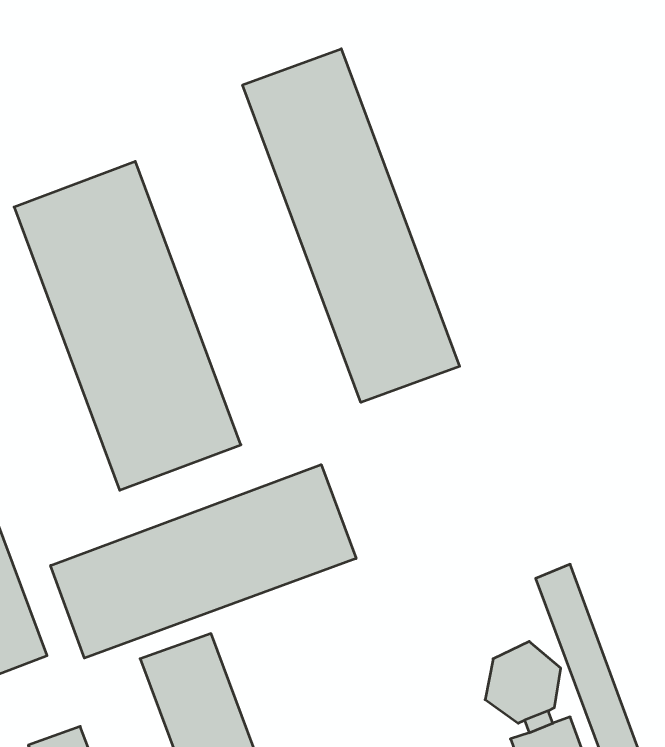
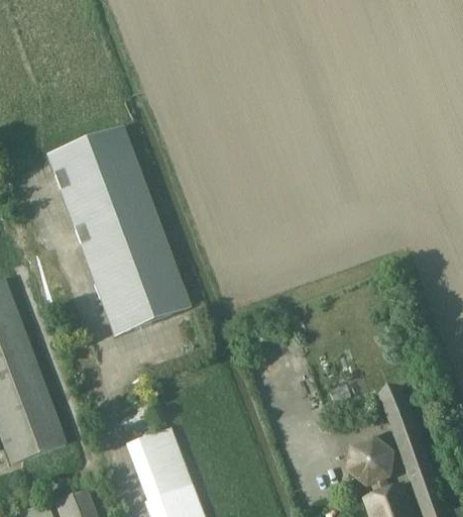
building: [243,49,460,402] -> none
building: [51,465,356,658] -> none

